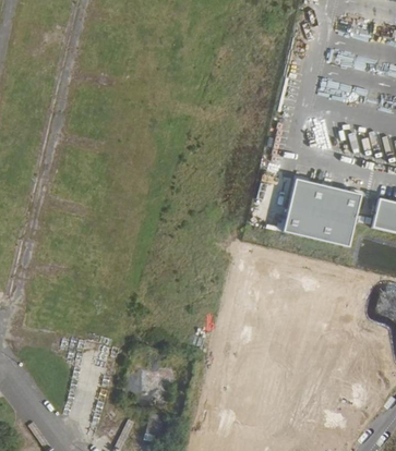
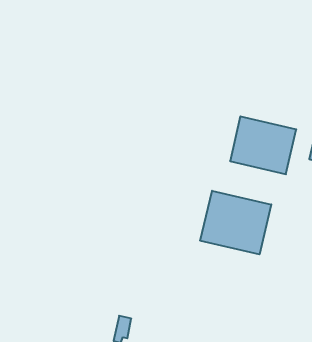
building: none -> [200,191,271,254]

